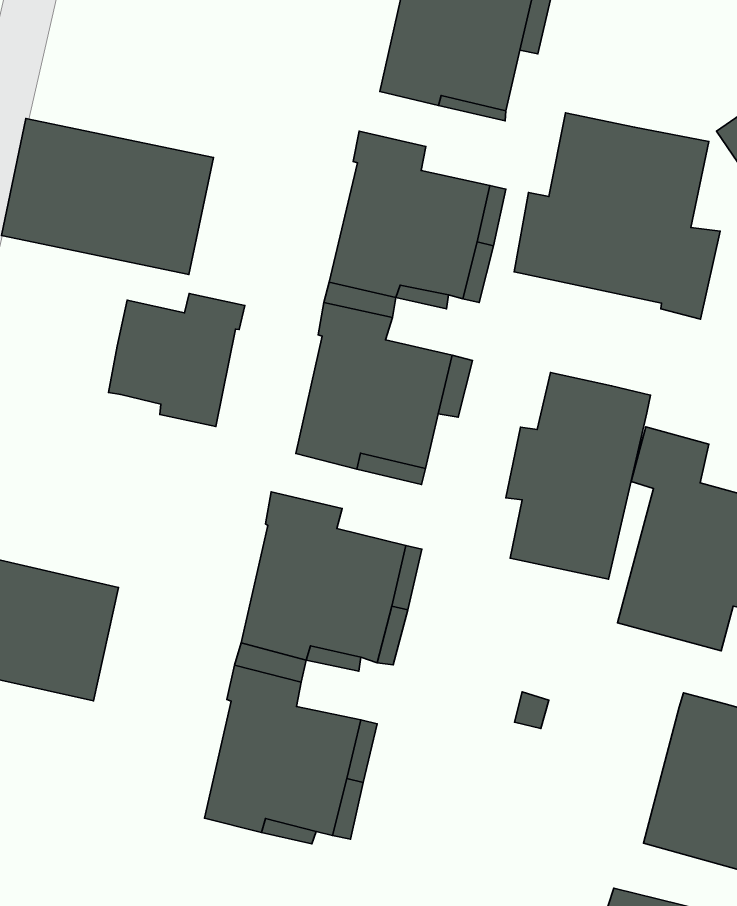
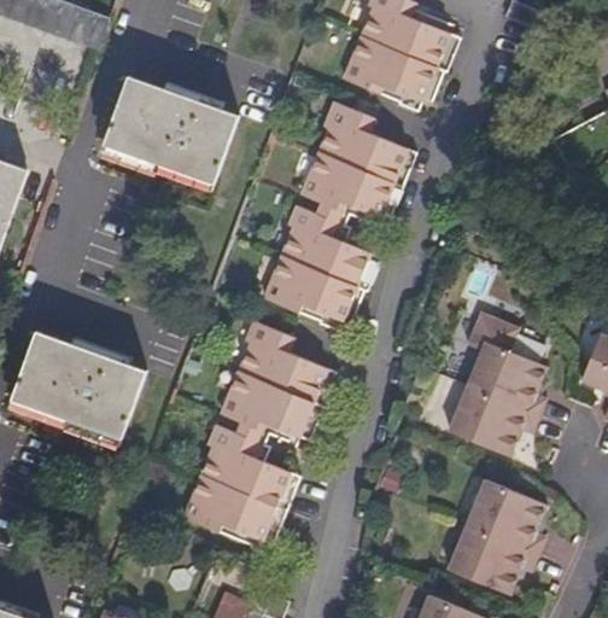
building: [514,113,720,319] -> none
building: [109,294,245,426] -> none
building: [506,373,650,579] -> none

